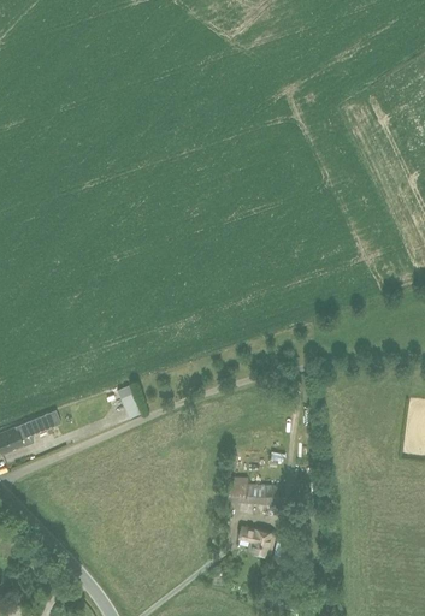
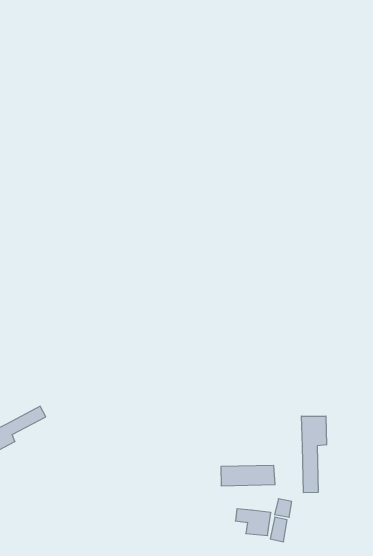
building: none -> [301,416,326,493]

